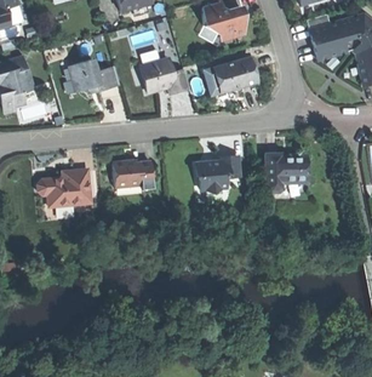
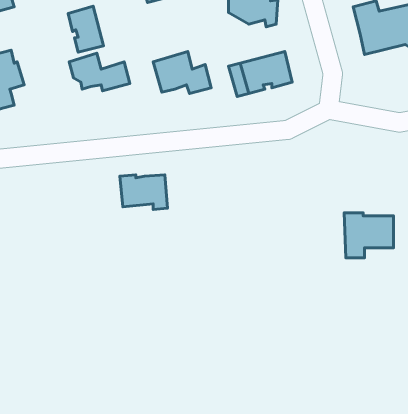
building: none -> [68,6,104,52]
building: [265,154,307,192] -> [344,213,394,258]
building: [196,155,239,193] -> none
building: [38,168,90,205] -> none

